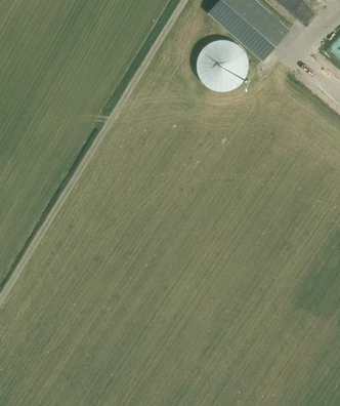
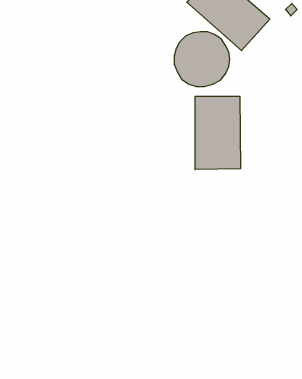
building: none -> [195,96,241,170]

